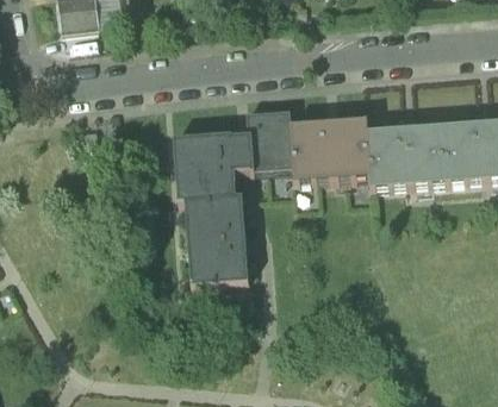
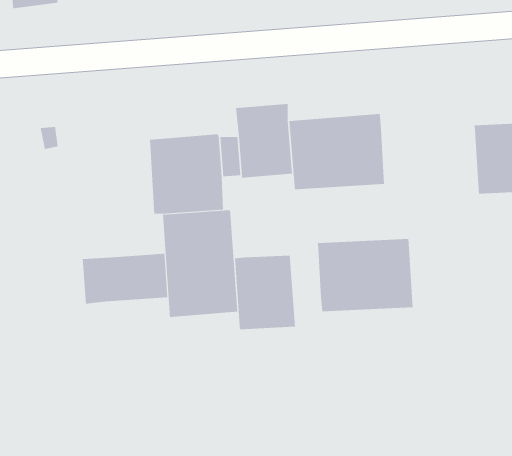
building: [367,130,447,190] -> [317,239,414,312]
building: none -> [82,253,168,305]
building: none -> [234,255,295,330]

